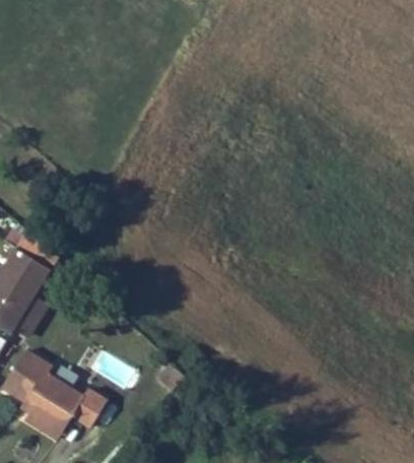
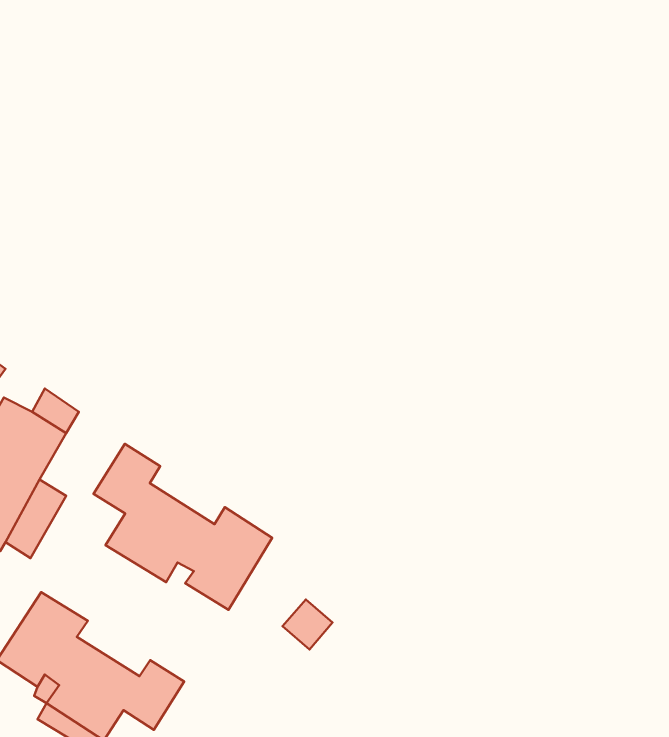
building: none -> [93,444,272,610]

